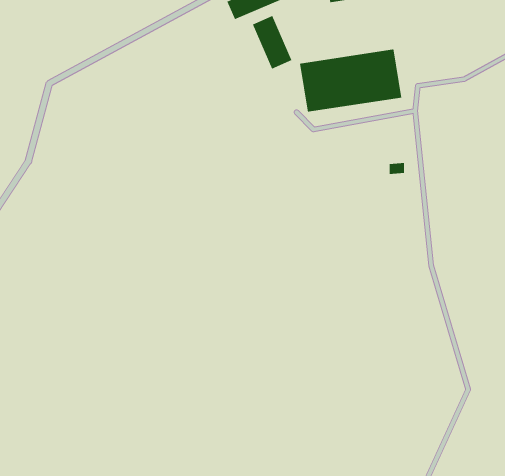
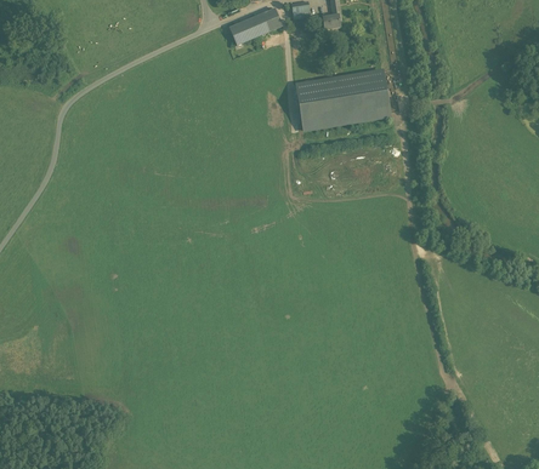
building: [252,15,292,69] -> none

